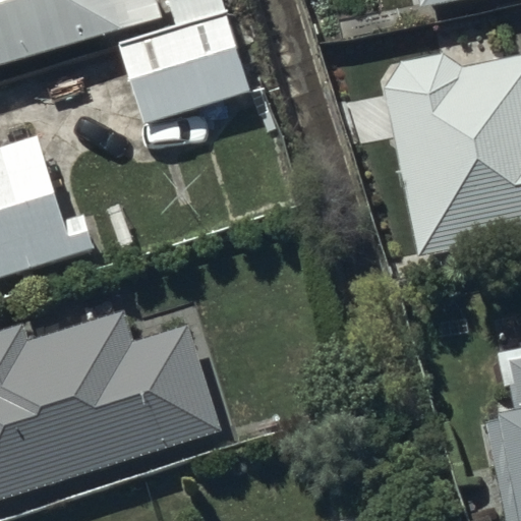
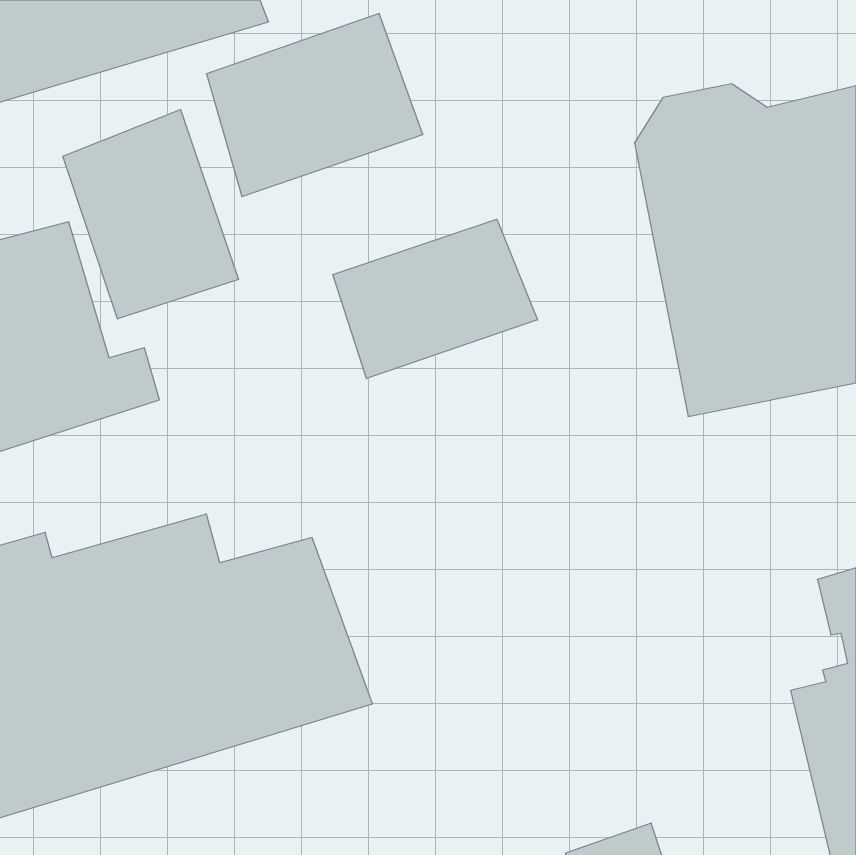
building: none -> [63,110,239,319]
building: none -> [333,219,538,379]

